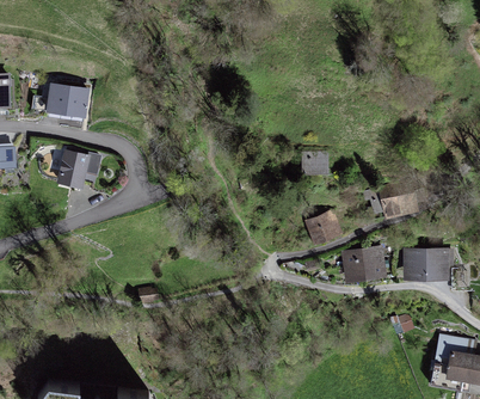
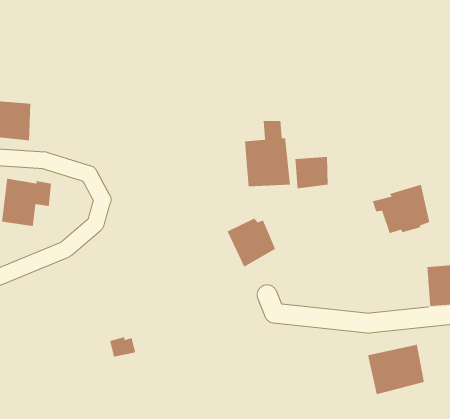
building: none -> [244,120,291,187]
building: [303,207,343,247] -> [227,217,276,268]
building: [341,246,387,286] -> [367,344,425,395]

